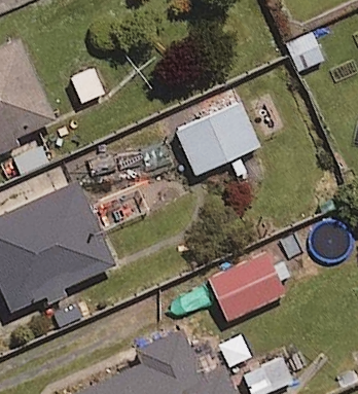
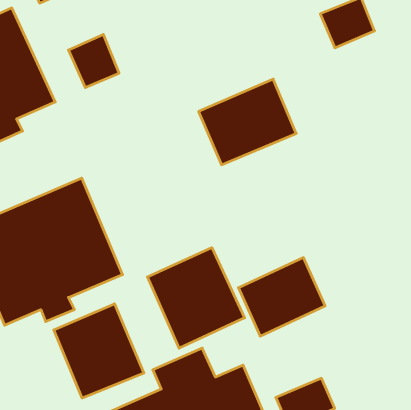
building: none -> [147,248,245,348]
building: none -> [54,304,144,398]

